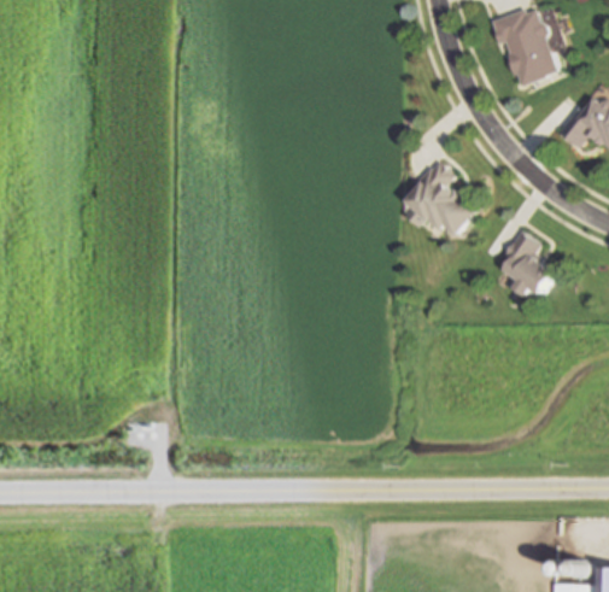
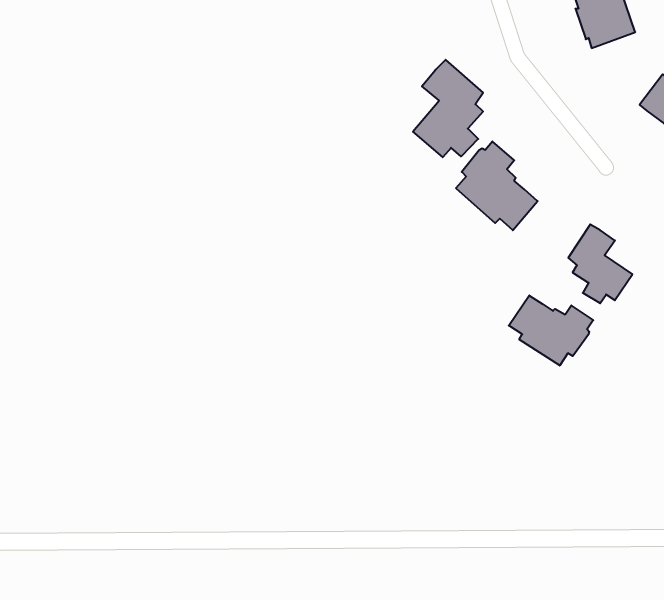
building: none -> [413,60,483,157]
building: none -> [509,295,593,366]

